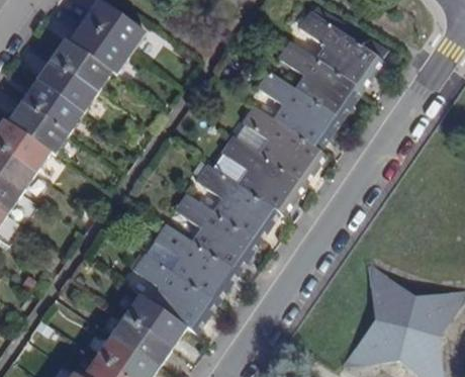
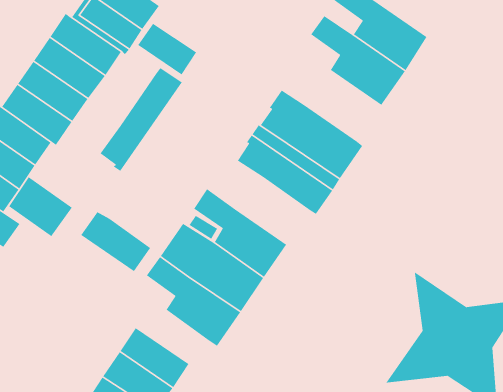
building: none -> [137,23,197,75]
building: [256,71,340,152] -> none
building: none -> [99,67,183,172]
building: [195,165,277,243] -> none
building: none -> [8,176,73,237]
building: [123,294,186,348] -> [80,211,151,272]

